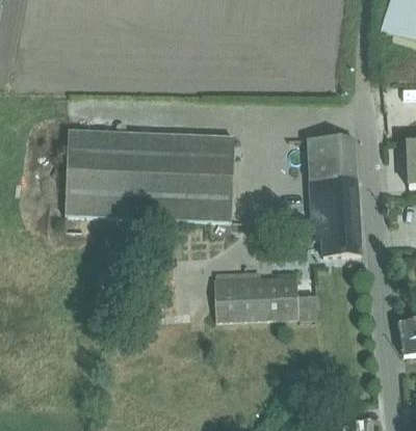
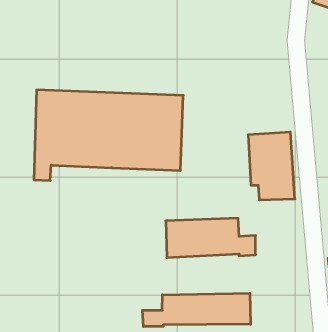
building: [307,135,356,181] -> none
building: none -> [142,293,251,327]

